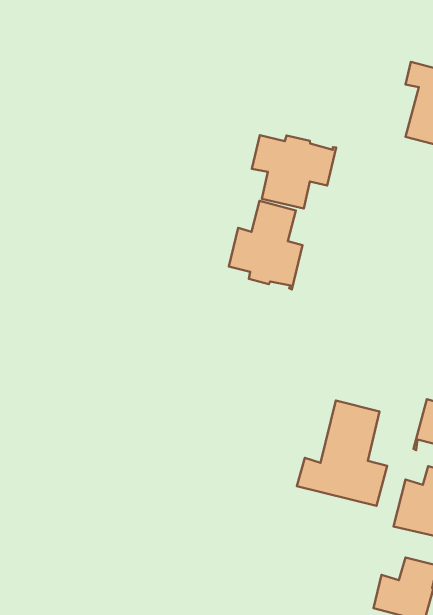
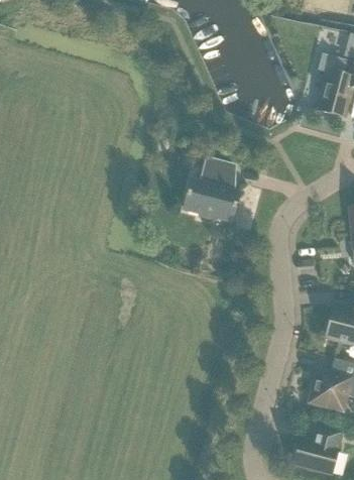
building: [252,135,336,208] -> none
building: [297,400,387,506] -> none

